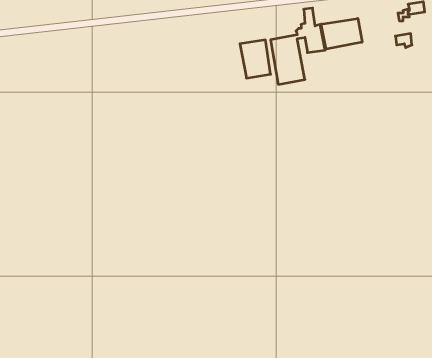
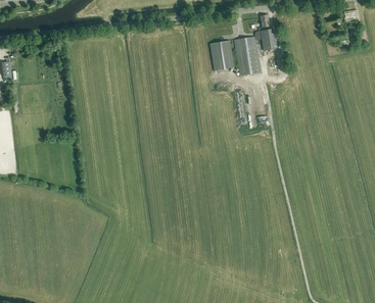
building: [321,18,362,49] -> none

